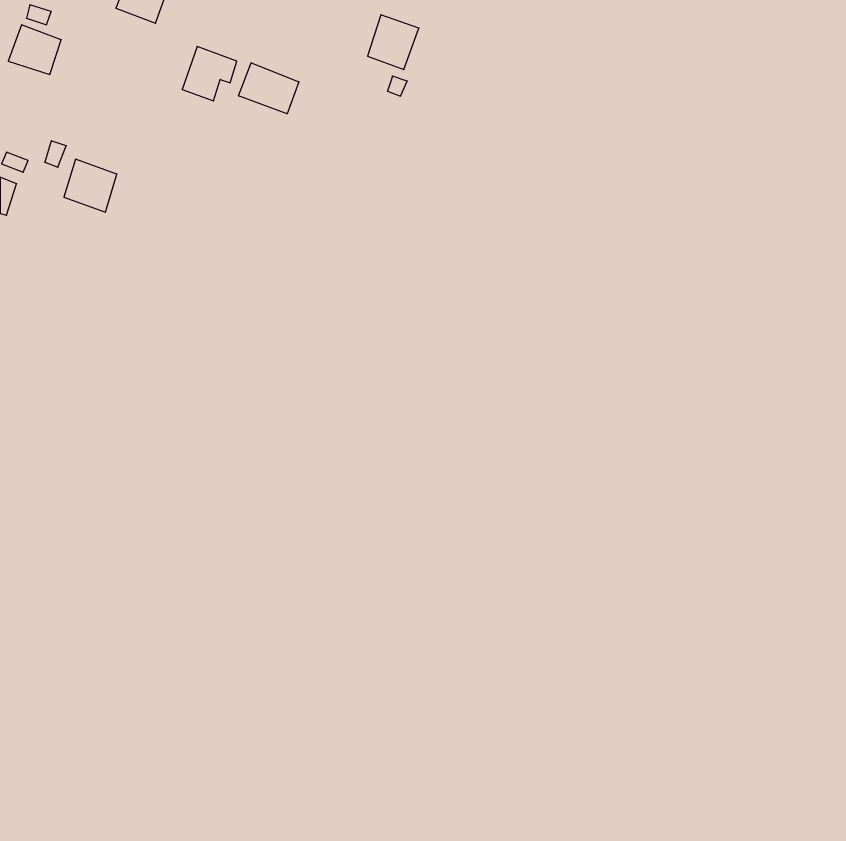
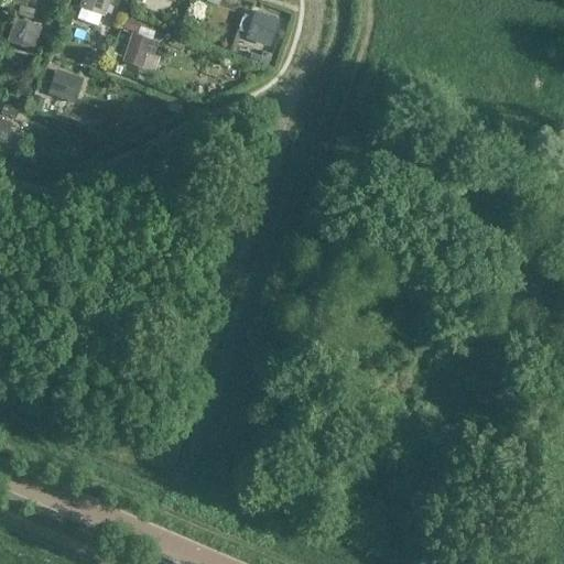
building: [239,63,299,114] -> none
building: [64,159,117,212] -> [47,67,83,102]

